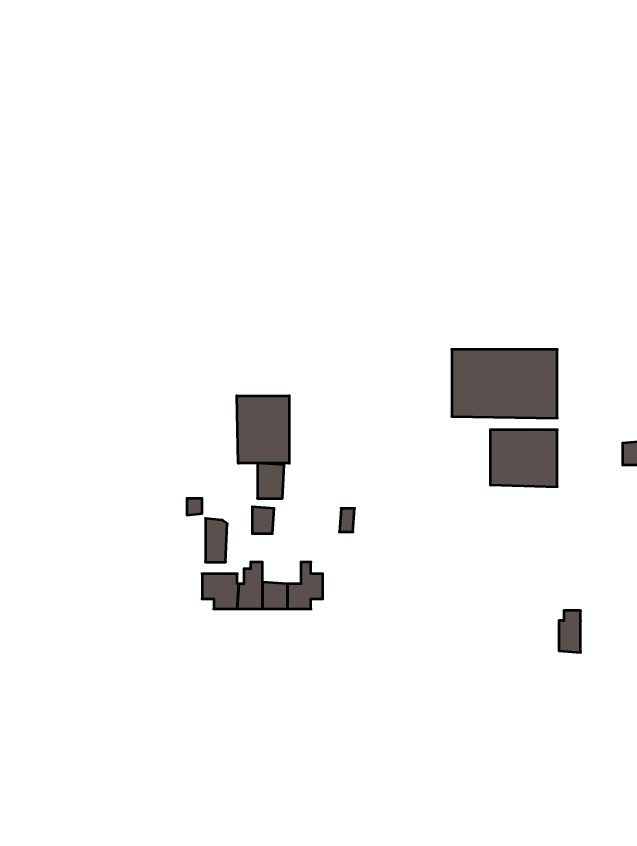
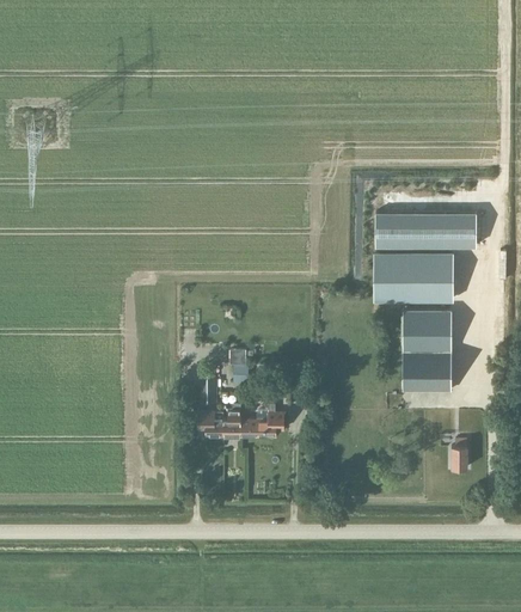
building: none -> [375,219,477,246]
building: [237,396,289,463] -> none
building: none -> [403,349,450,391]

